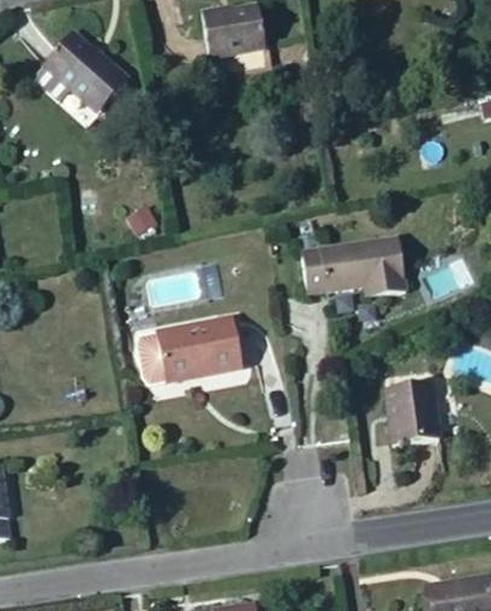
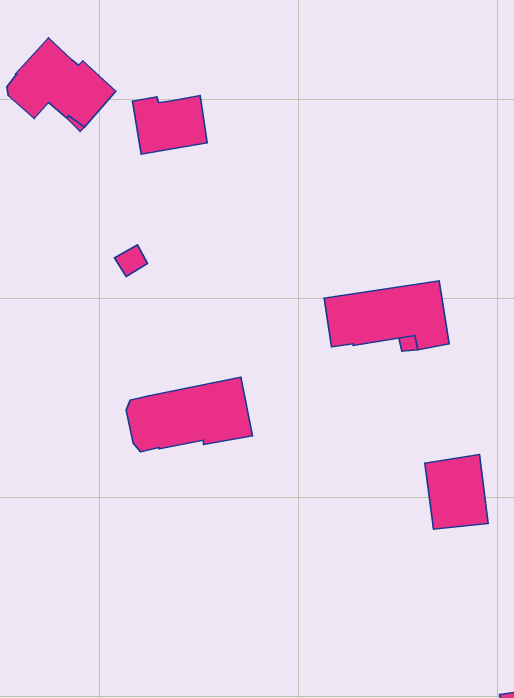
building: [202,7,264,56] -> [133,95,207,154]

